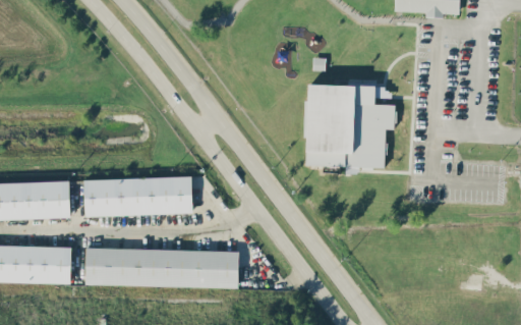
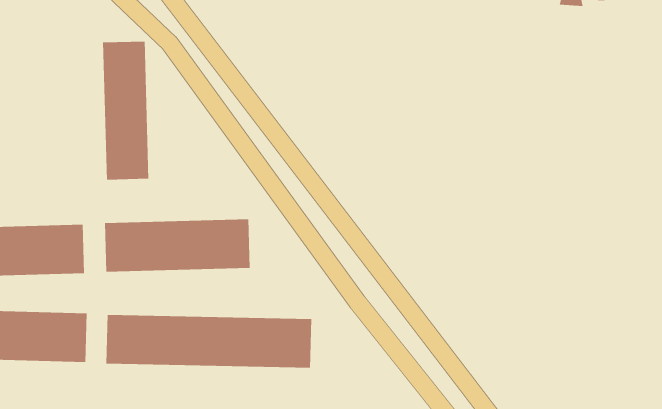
building: none -> [102,41,149,181]
building: [305,85,394,167] -> none

